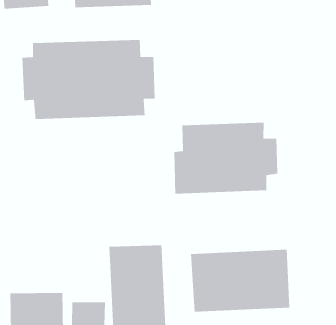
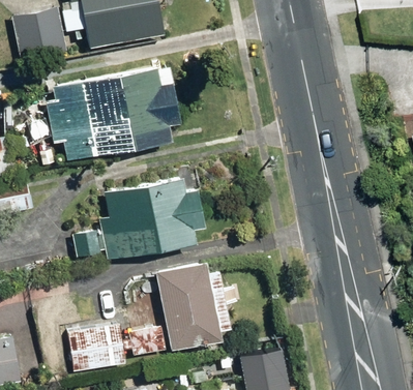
building: [173,122,278,195] -> [98,177,203,260]
building: [190,249,290,313] -> none

